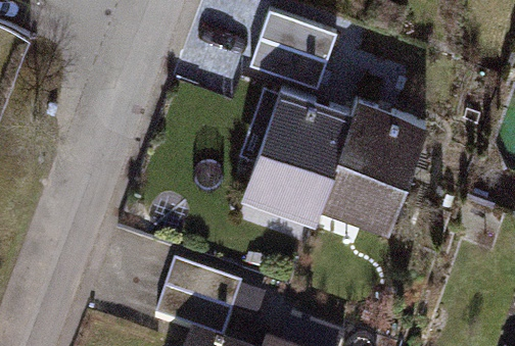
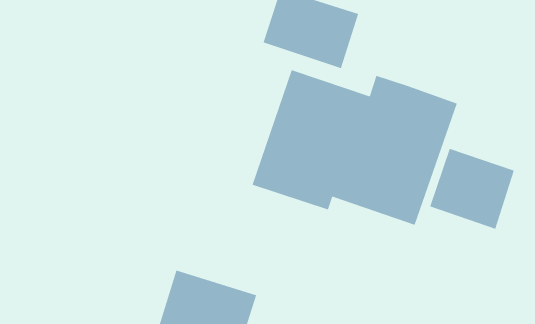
building: none -> [429,148,515,230]

